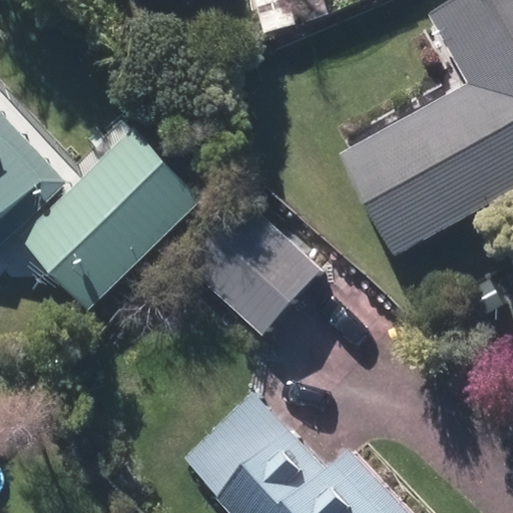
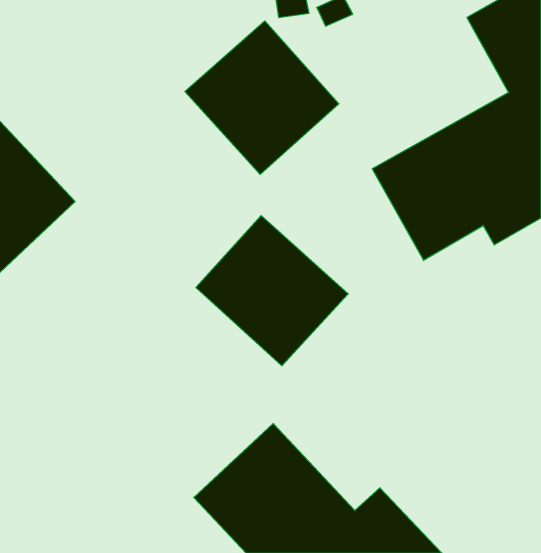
building: none -> [185,21,339,174]
building: [20,130,206,312] -> none

